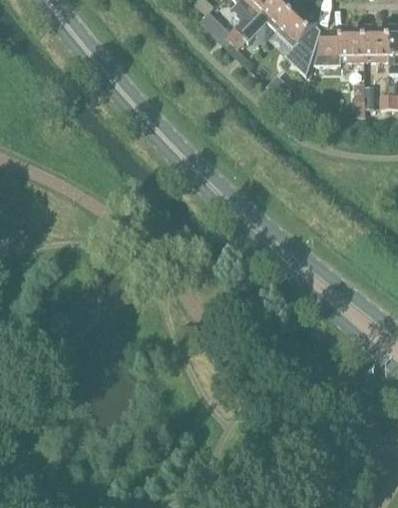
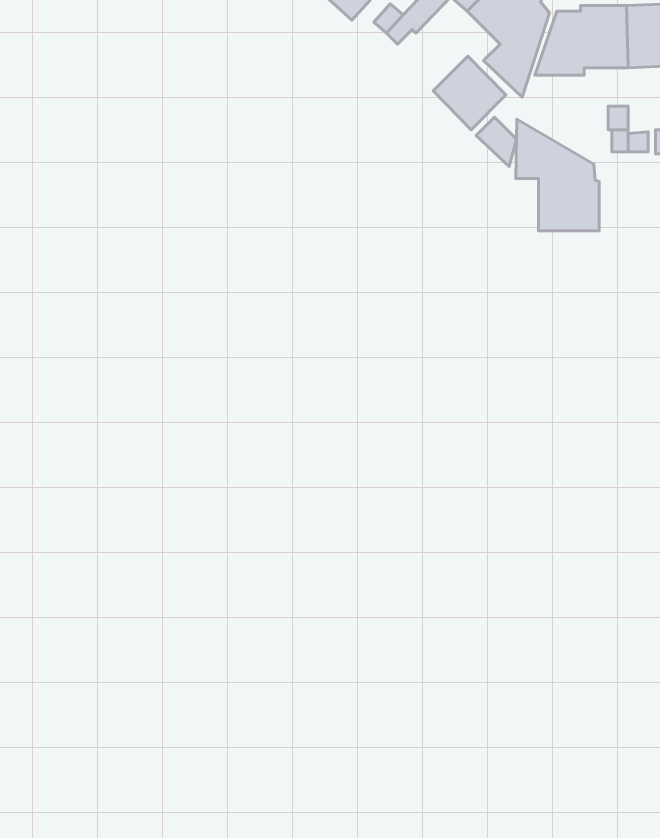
building: none -> [433,56,506,130]
building: none -> [516,119,599,231]

